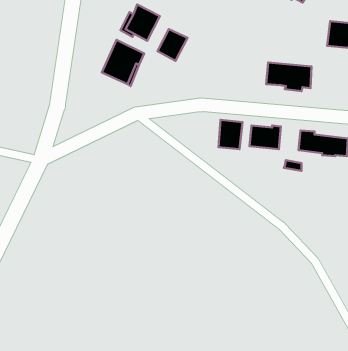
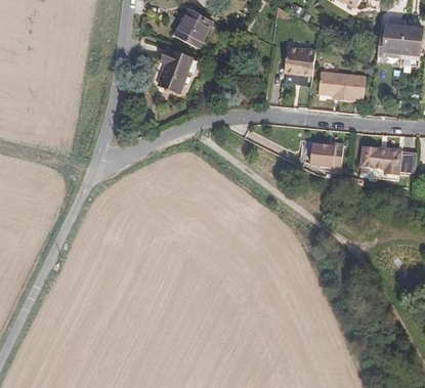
building: [157,29,187,61] -> none
building: none -> [285,46,315,85]
building: [219,120,242,149] -> none

